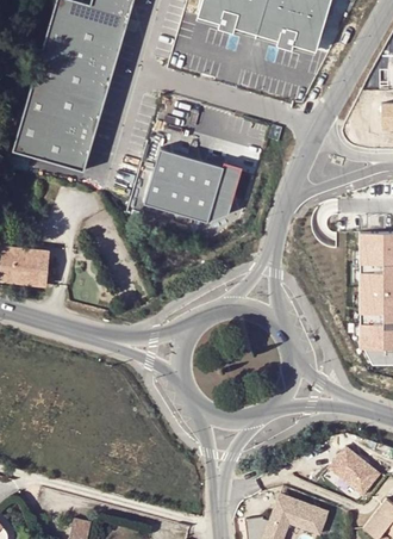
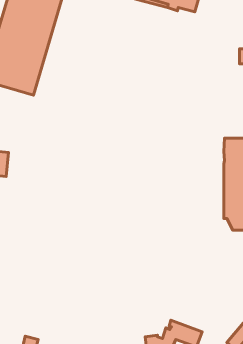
building: [144,149,242,223] -> none
building: [329,446,380,495] -> none

